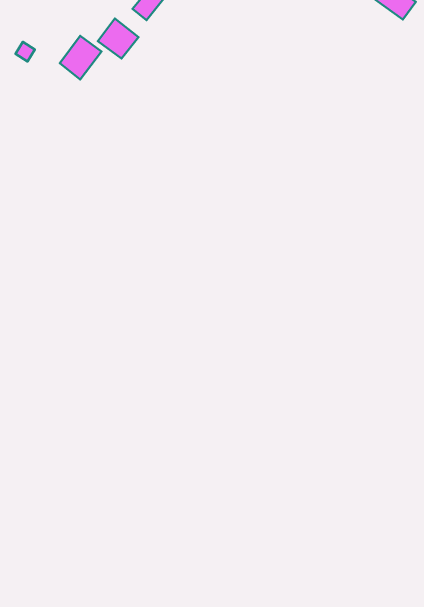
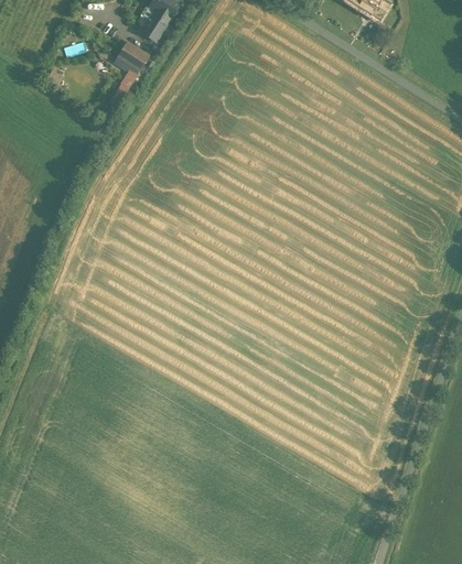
building: [60,36,102,80] -> none

